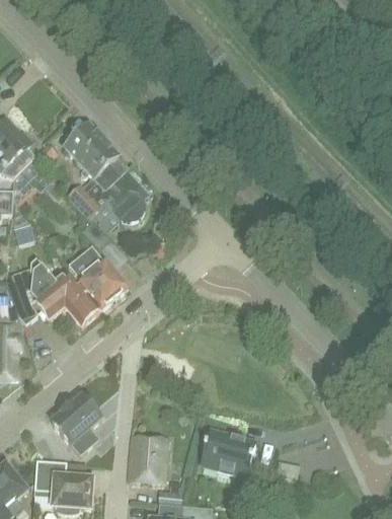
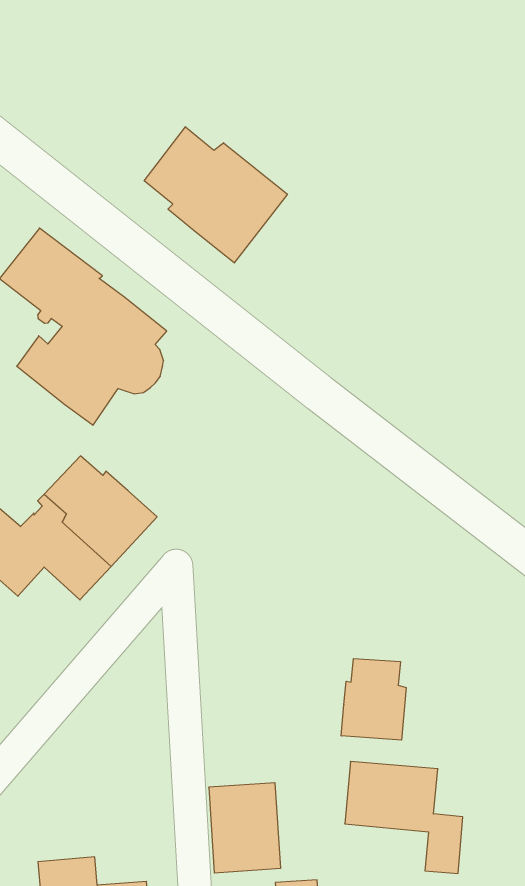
building: none -> [144,127,287,263]
building: none -> [341,659,406,740]
building: [51,394,100,454] -> none

